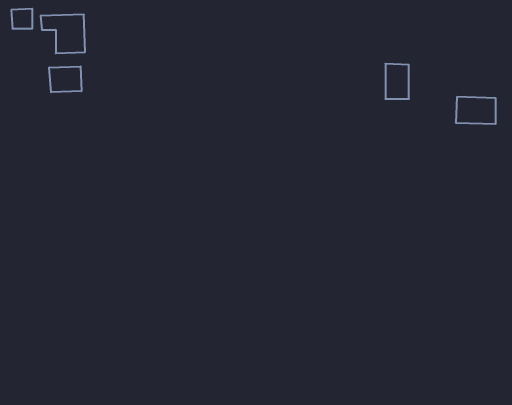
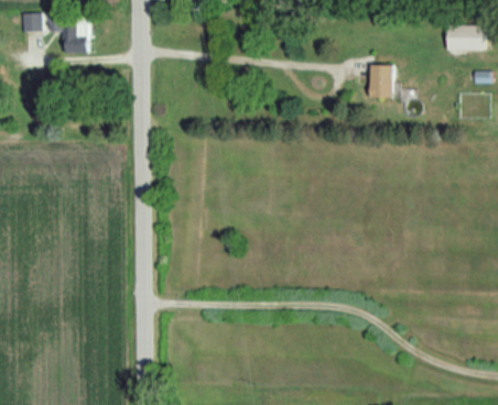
building: [49,66,81,92] -> none
building: [456,97,496,124] -> [447,25,485,51]

